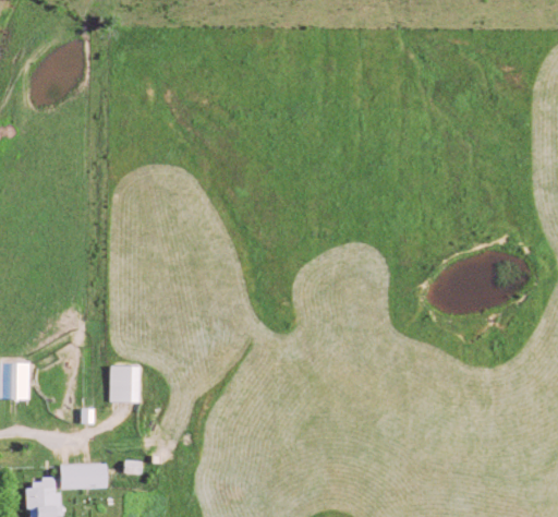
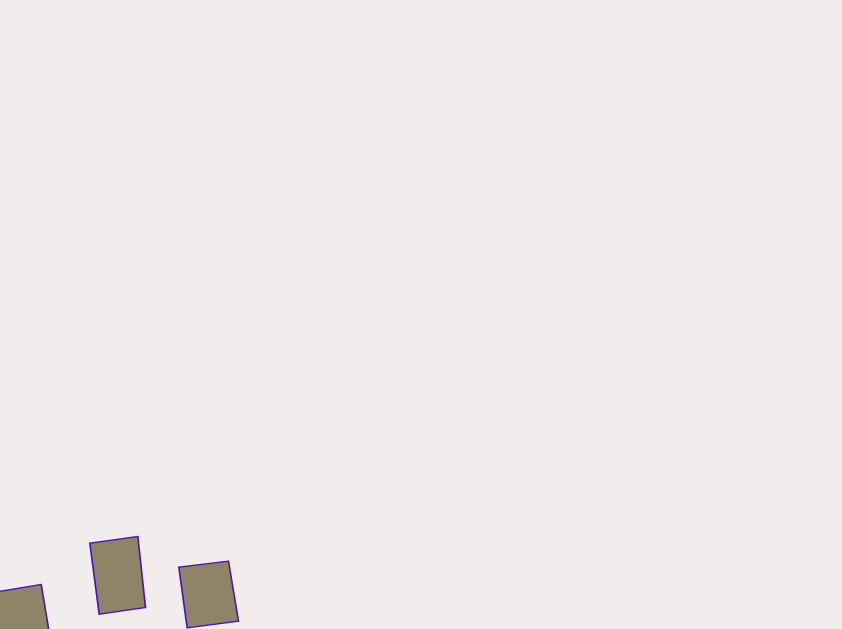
building: none -> [90,536,146,614]

